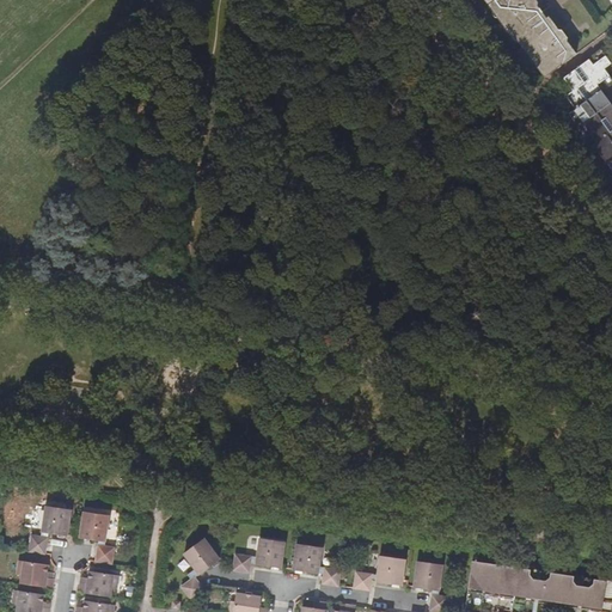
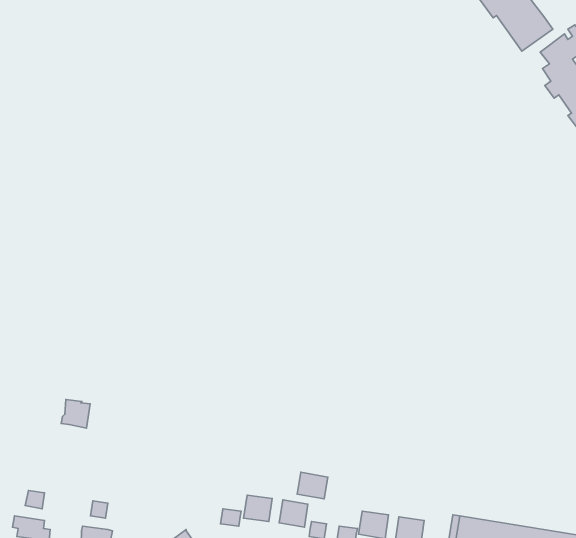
building: [42,504,72,534] -> [61,399,90,428]
building: [79,512,110,540] -> none
building: none -> [297,472,328,499]
building: [184,538,221,575] -> none

